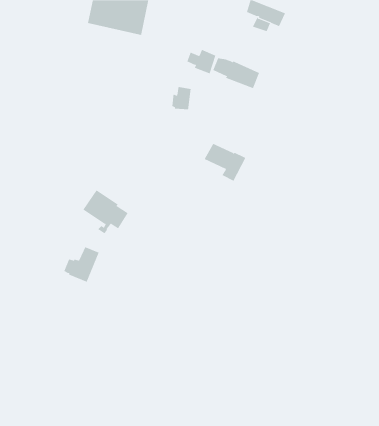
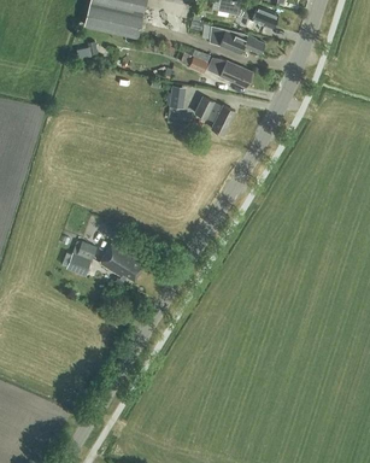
building: none -> [210,25,265,54]
building: [204,143,246,181] -> [195,96,236,134]
building: [83,190,128,234] -> [100,242,145,286]

